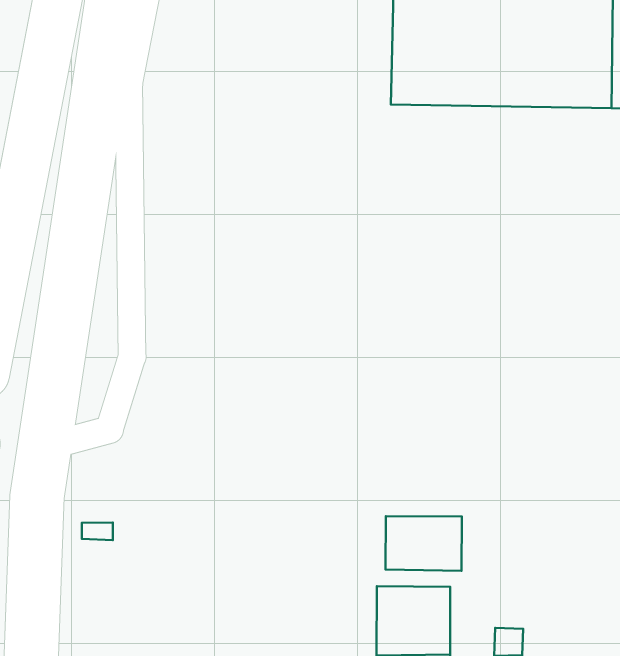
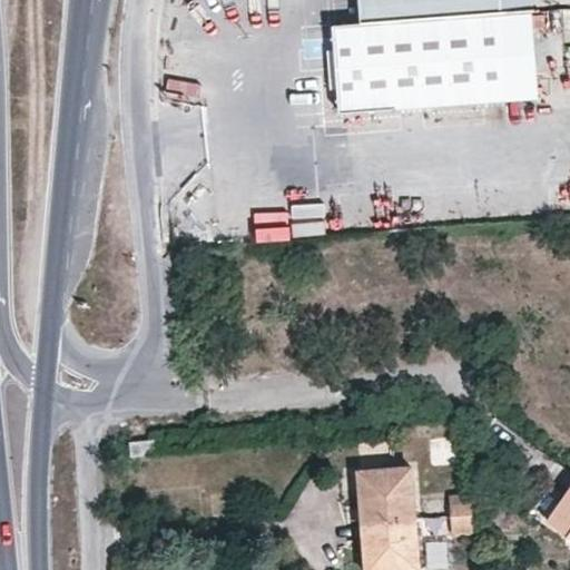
building: [385,516,462,571] -> none

